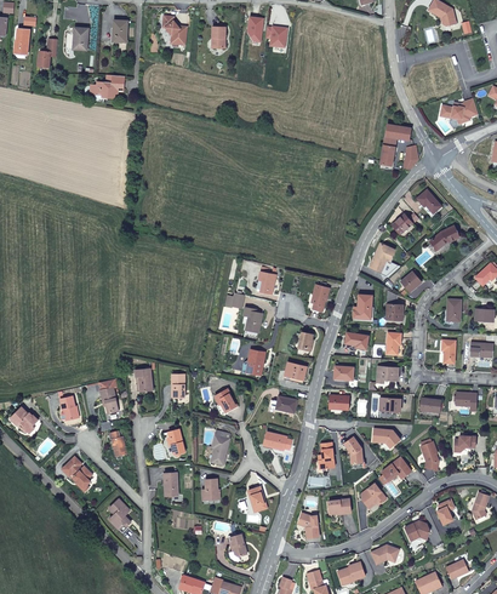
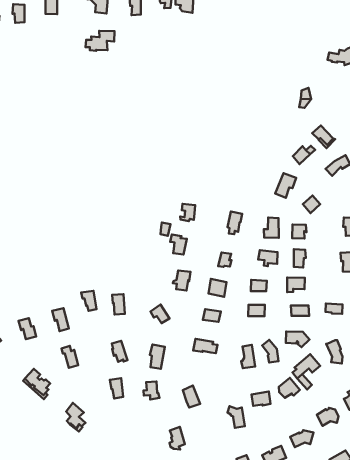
building: [88,75,124,98] -> [86,31,115,51]
building: [379,125,410,165] -> none

